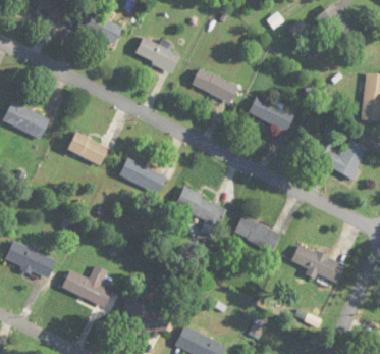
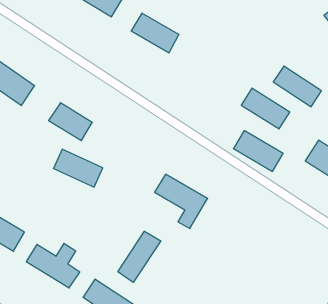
building: [192,67,238,103] -> [273,66,321,107]
building: [119,159,166,192] -> [53,149,103,187]
building: [233,215,281,251] -> [233,131,283,171]
building: none -> [118,231,161,282]
building: [291,245,344,284] -> none

